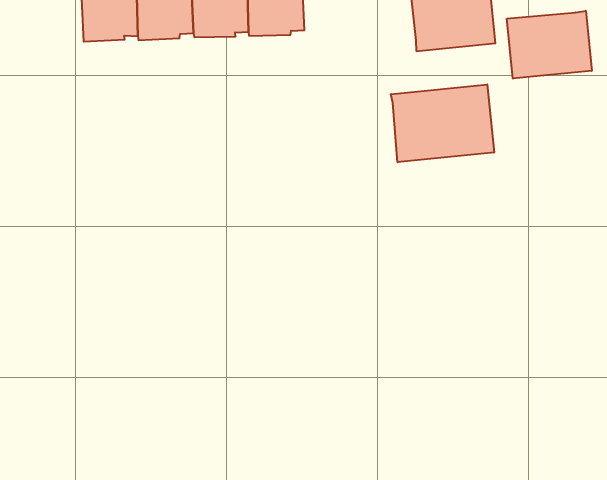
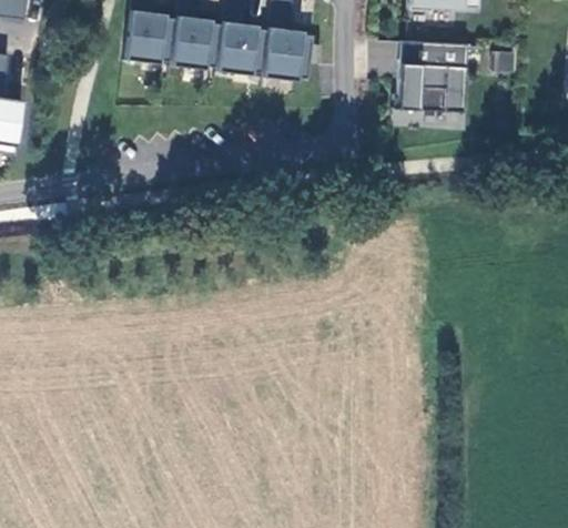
building: [507,11,592,79] -> none
building: [391,84,494,162] -> none

